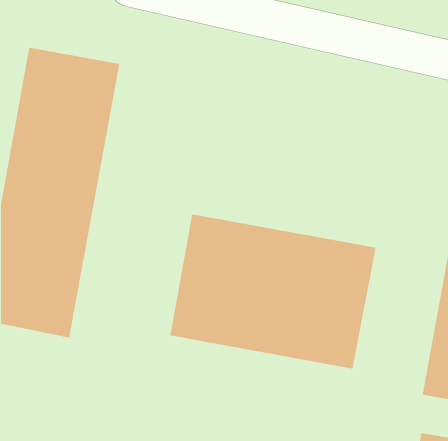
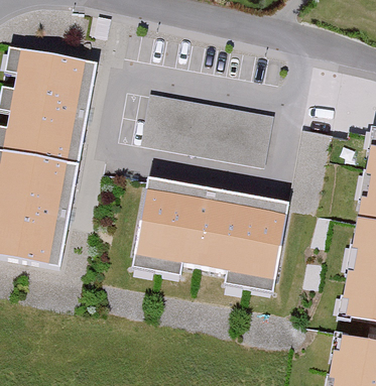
building: none -> [142,95,274,158]

